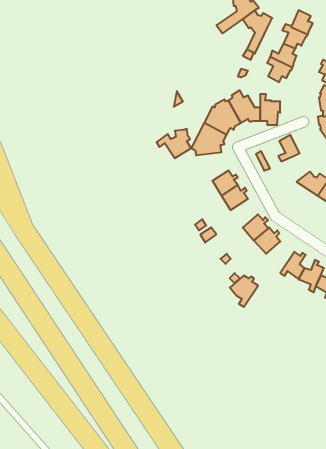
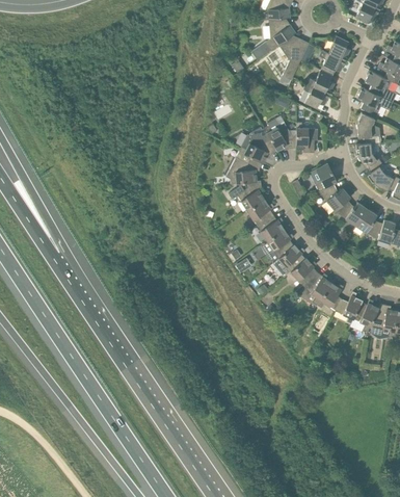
building: [157,129,191,158] -> [229,180,264,210]
building: none -> [318,184,350,210]
building: none -> [261,229,293,262]
building: [230,275,258,307] -> [302,272,331,305]

